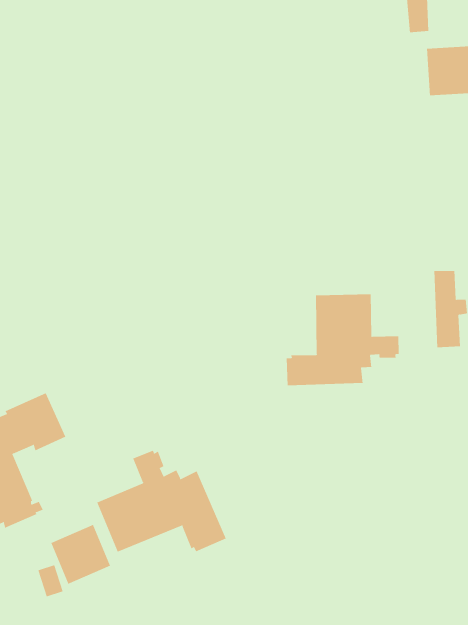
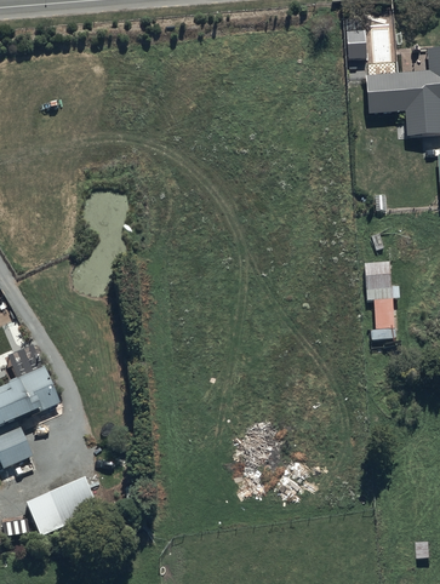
building: [286,293,399,386] -> none
building: [96,450,227,553] -> none

